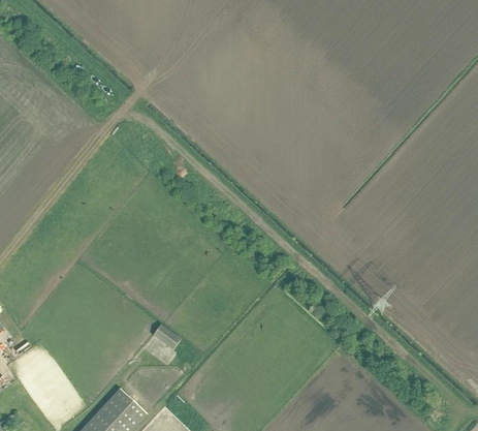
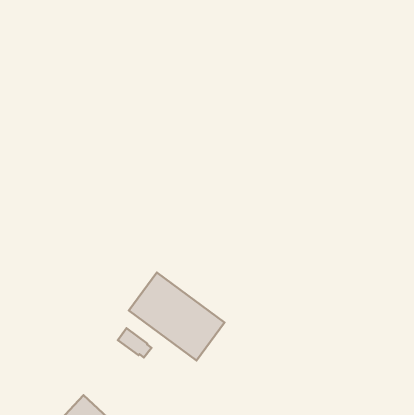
building: none -> [129,272,225,360]

